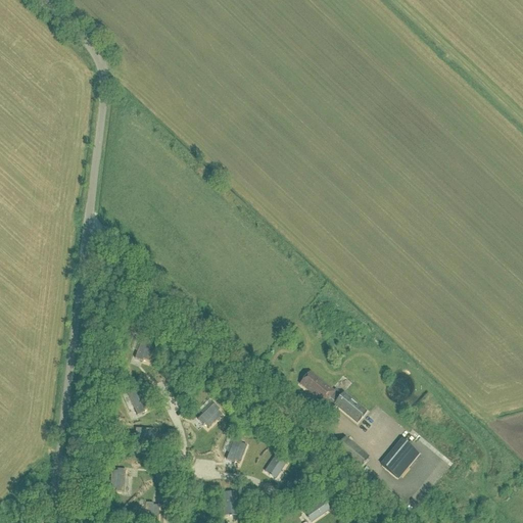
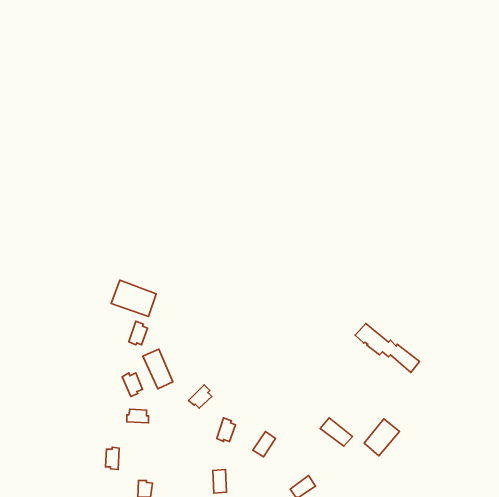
building: none -> [111,280,156,317]
building: none -> [143,349,173,389]
building: [299,371,367,422] -> [355,324,420,372]

